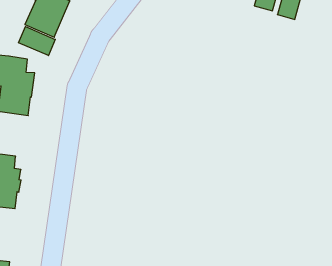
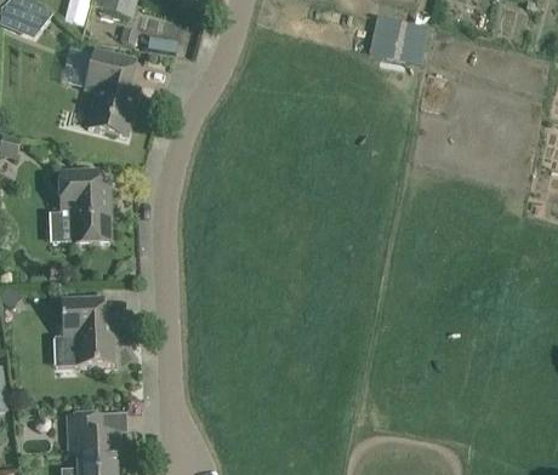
building: [19,27,55,56] -> none

